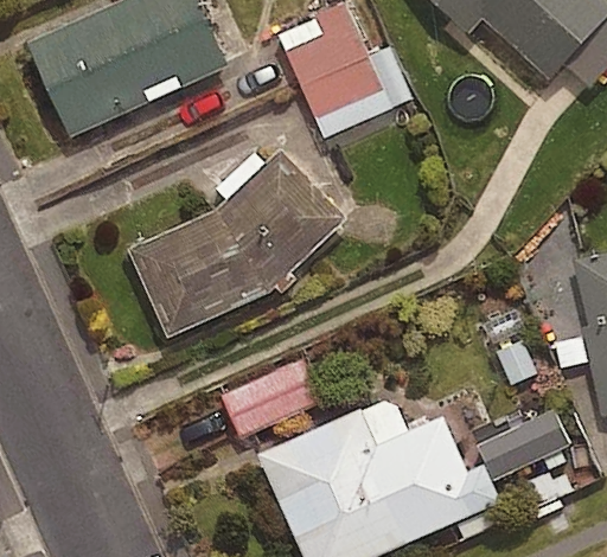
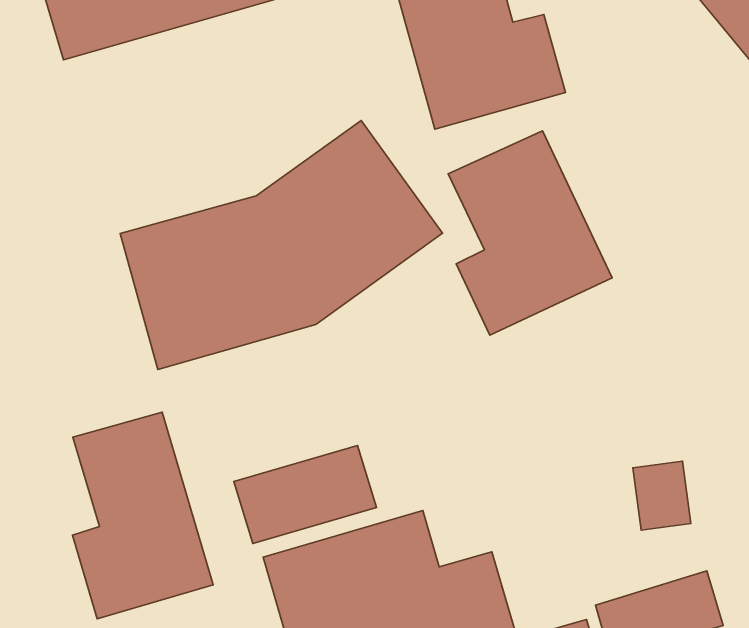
building: none -> [448,131,612,335]
building: none -> [73,412,213,619]

